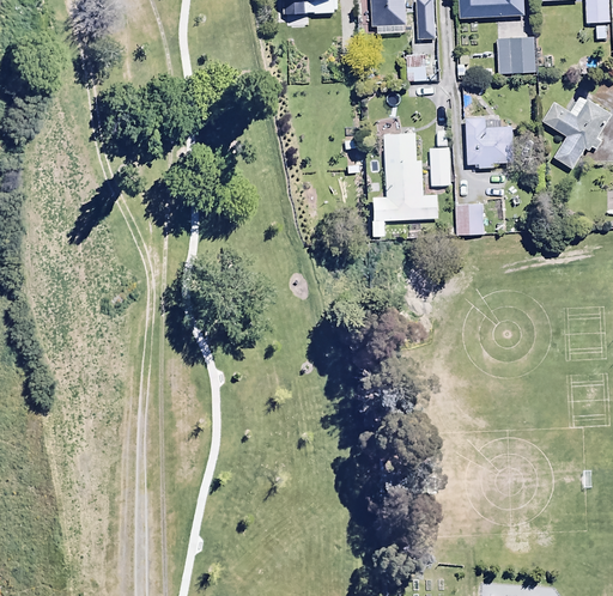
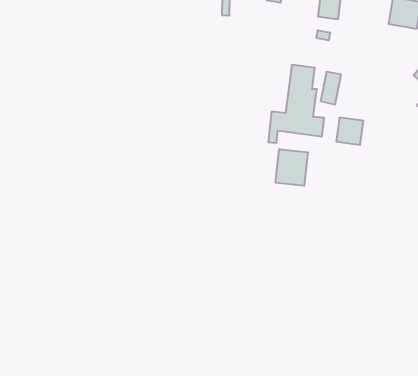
building: [466,116,514,169] -> none
building: none -> [276,149,308,186]

